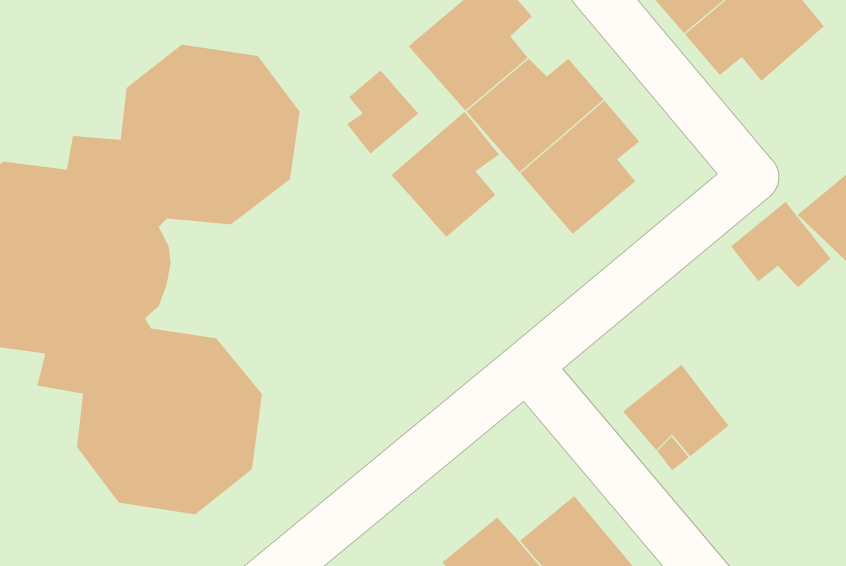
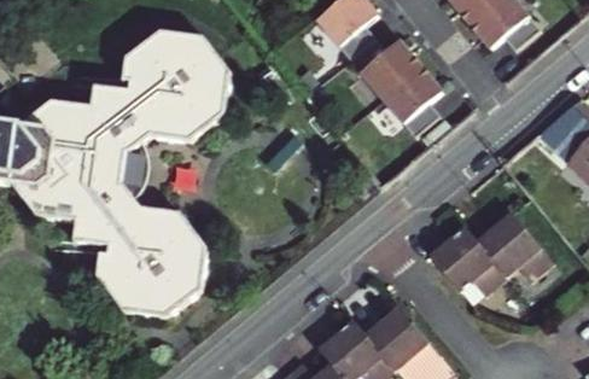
building: [346,69,419,155] -> none
building: [390,111,500,238] -> none
building: [730,201,832,288] -> [477,211,538,264]

